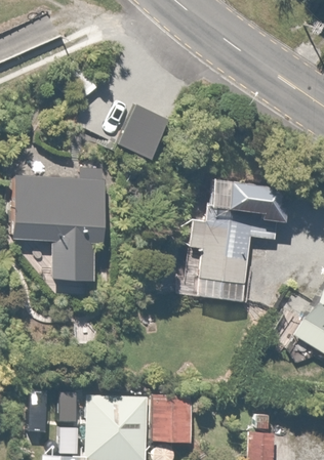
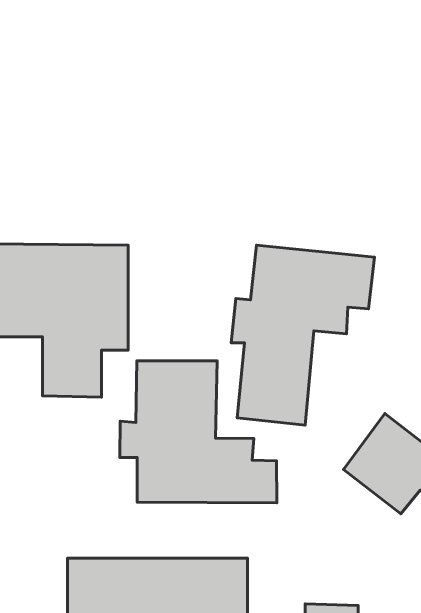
building: [119,108,169,163] -> none
building: none -> [120,361,277,503]

